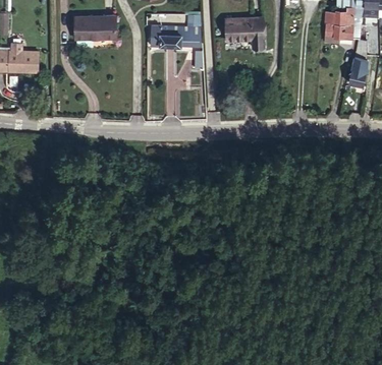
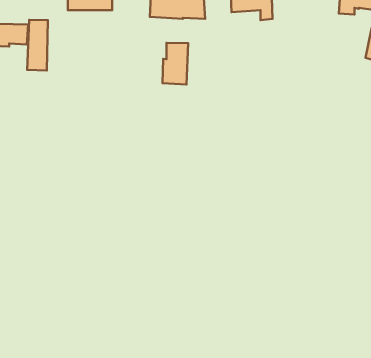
building: none -> [27,20,48,70]
building: none -> [163,43,188,85]

